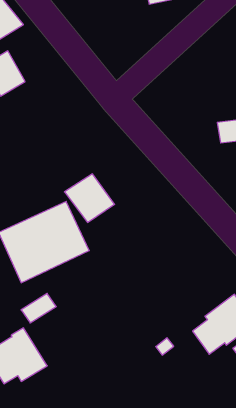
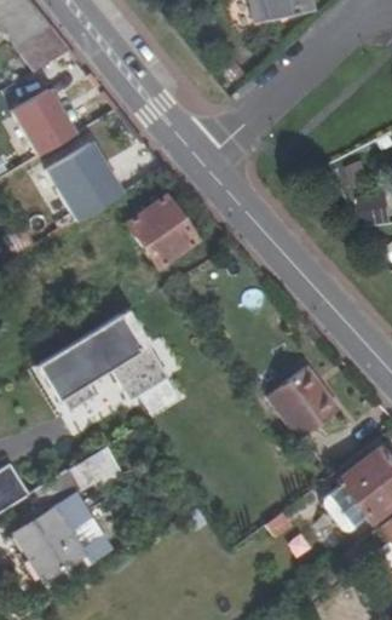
building: none -> [45,139,120,218]
building: [64,174,115,222] -> [123,194,197,265]
building: none -> [266,364,339,438]

